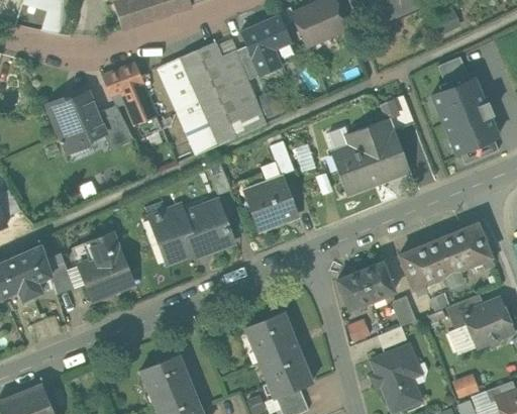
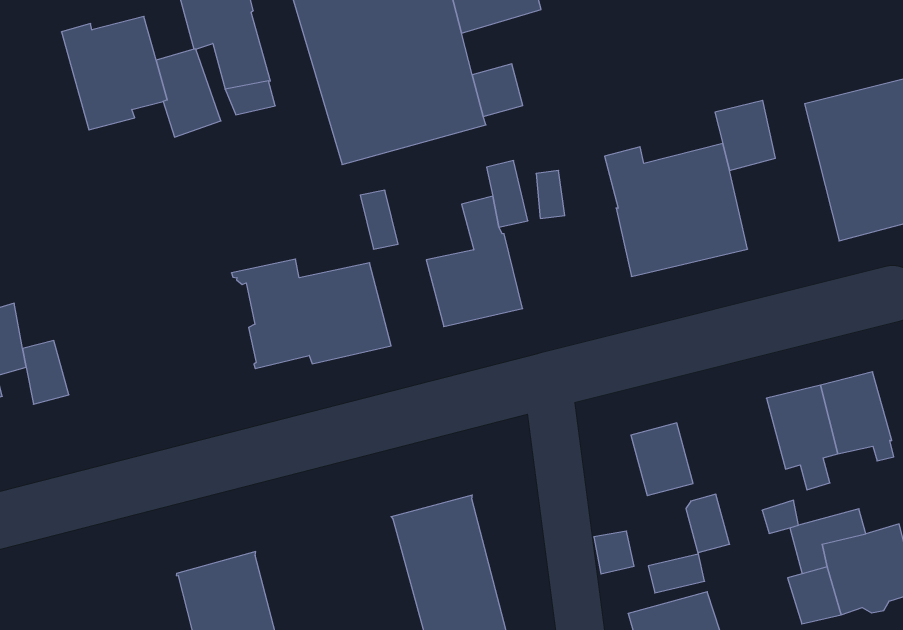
building: [79,231,132,299] -> none
building: [399,243,439,295] -> none
building: [337,271,372,309] -> none

